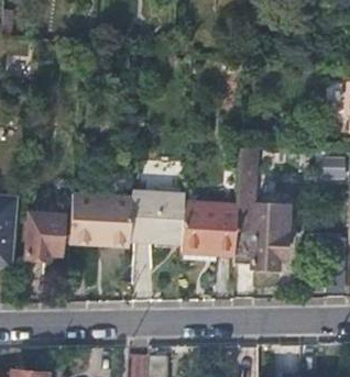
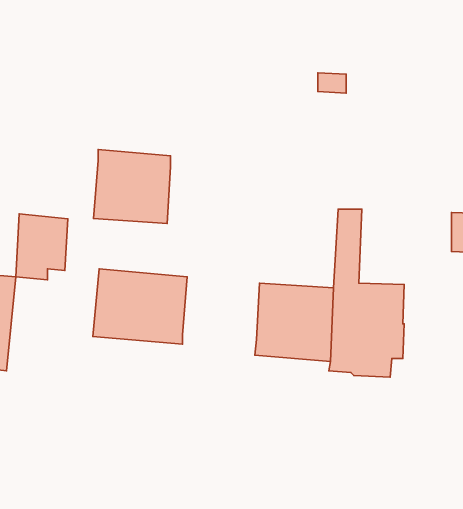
building: [133,190,187,242] -> [93,150,170,223]
building: [29,213,65,259] -> [16,214,68,280]

